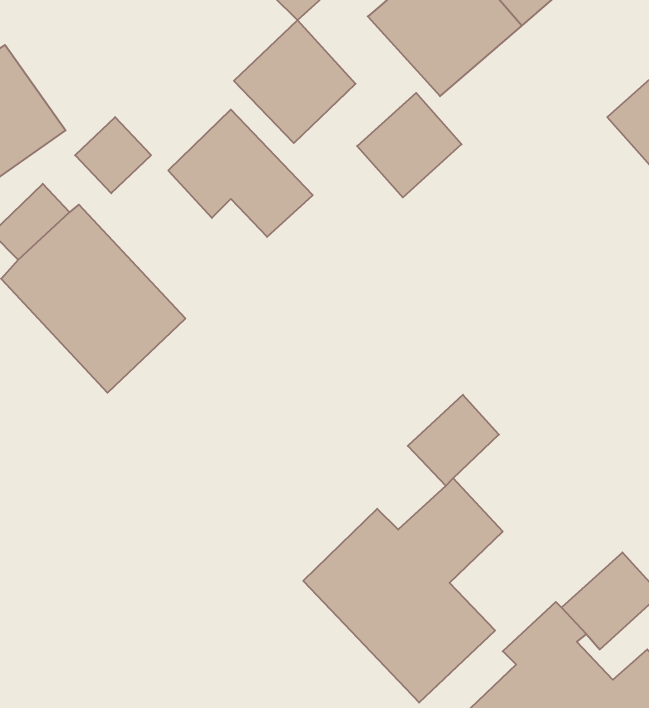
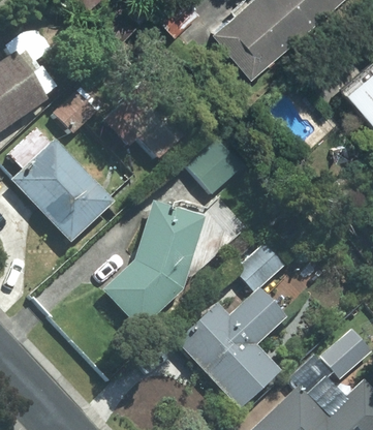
building: [234,20,356,143] -> none
building: [357,93,462,197] -> [187,137,244,194]
building: none -> [105,202,244,328]

